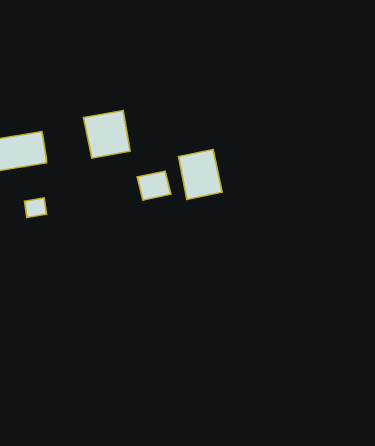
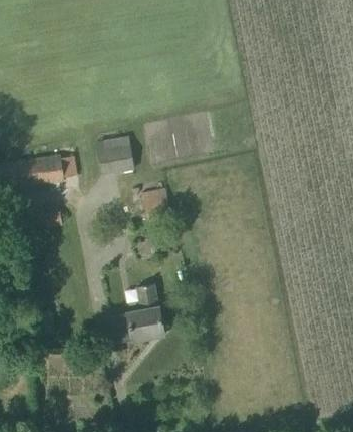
building: [179,149,222,199] -> none
building: none -> [110,284,165,343]

